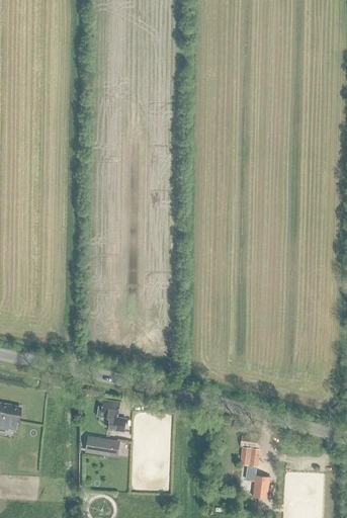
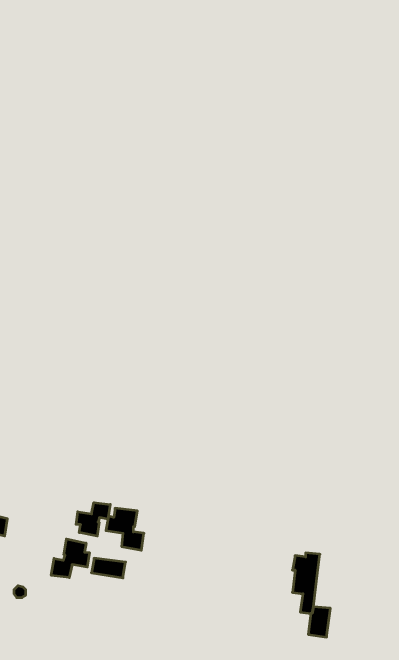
building: none -> [76,503,110,536]
building: none -> [51,539,89,578]

